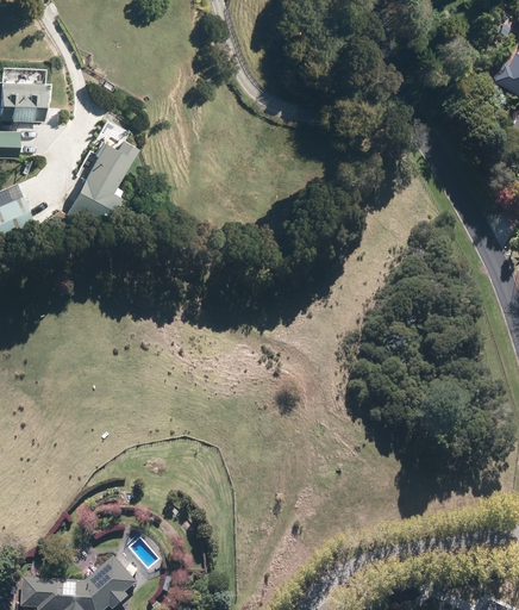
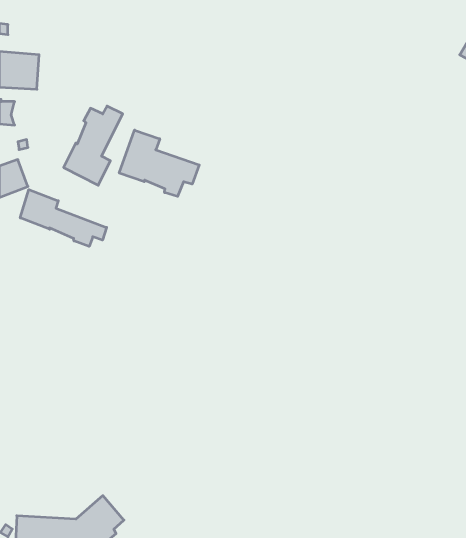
building: none -> [119,130,199,196]
building: none -> [20,190,107,246]

